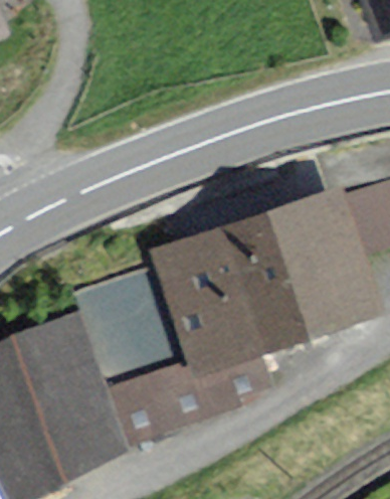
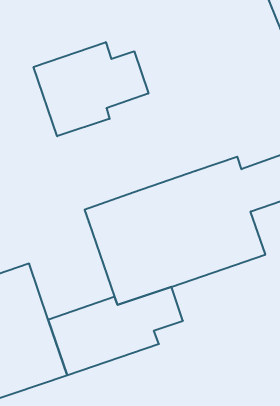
building: none -> [34,42,148,136]
building: [57,274,169,392] -> none

